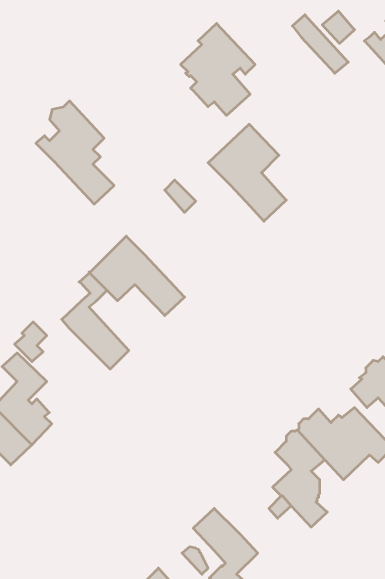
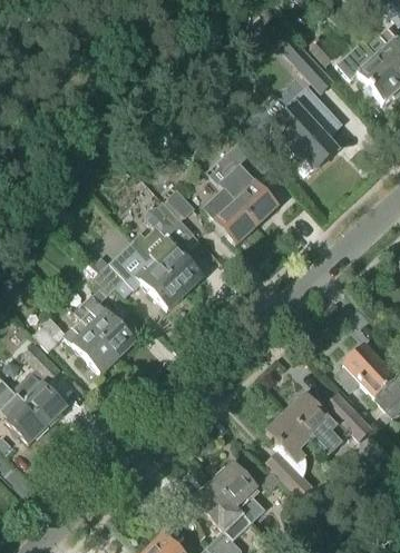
building: [181,23,255,115] -> [275,87,342,169]
building: [36,101,114,204] -> [134,200,204,293]
building: none -> [204,190,257,244]
building: none -> [65,320,119,374]
building: none -> [213,463,265,522]

